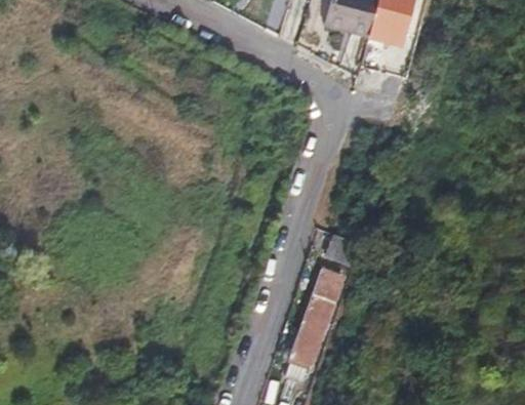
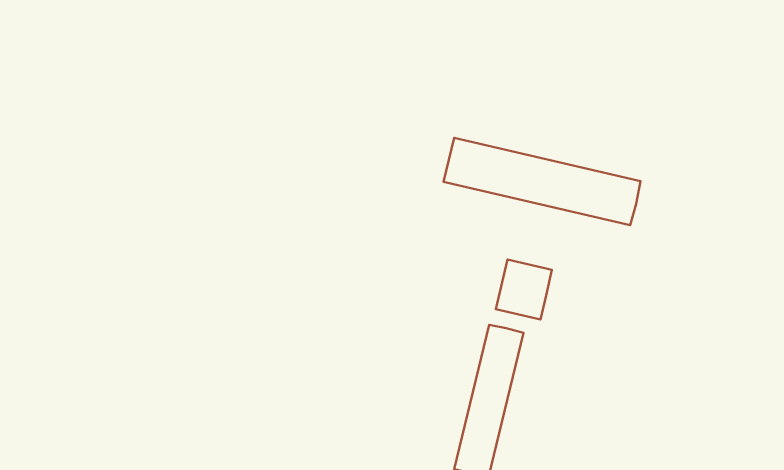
building: none -> [444,138,641,225]

